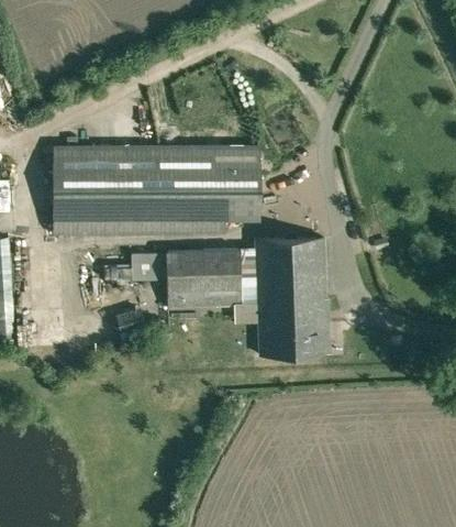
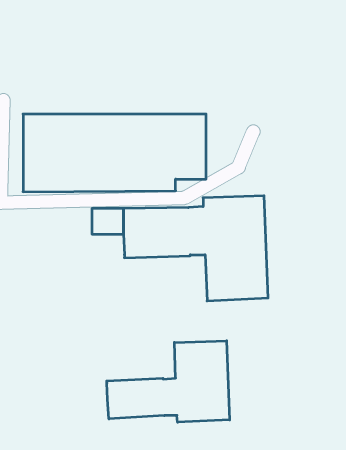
building: none -> [107,341,230,422]

